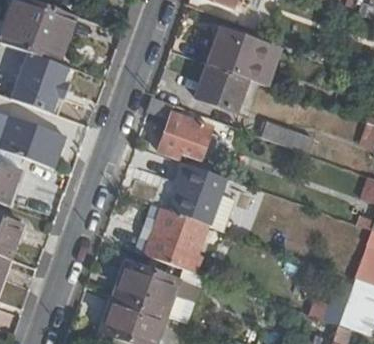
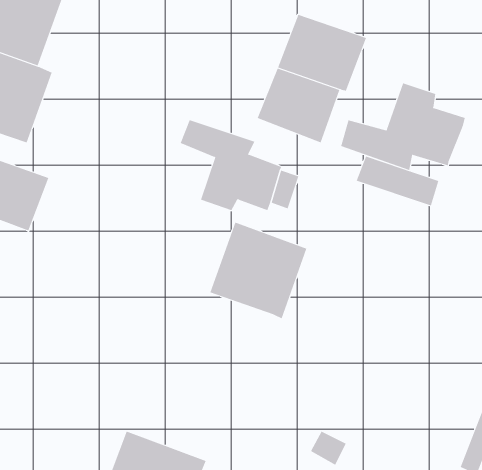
building: none -> [340,83,466,171]
building: [145,207,207,273] -> none
building: [114,261,177,315] -> none

